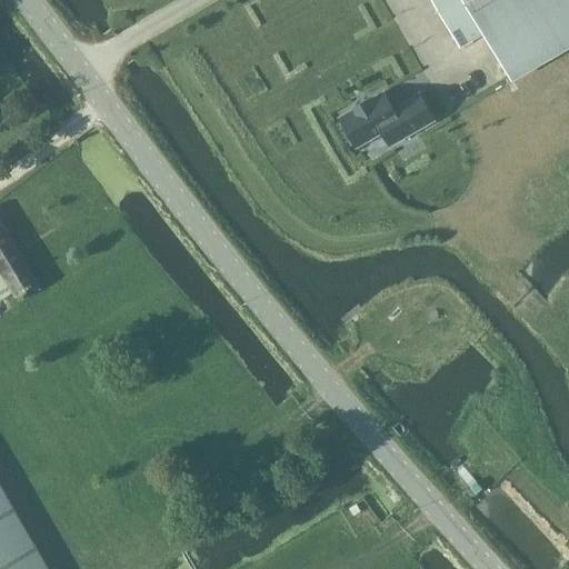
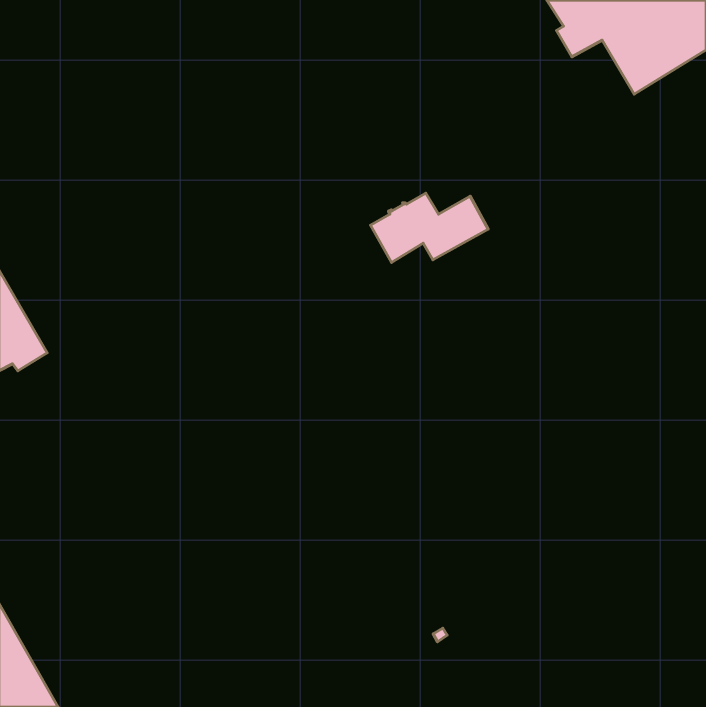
building: [338,92,432,148] -> [371,193,488,262]

